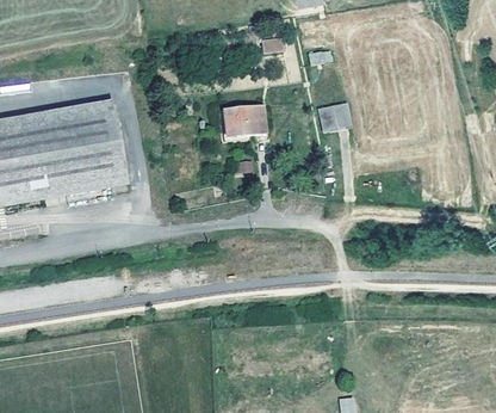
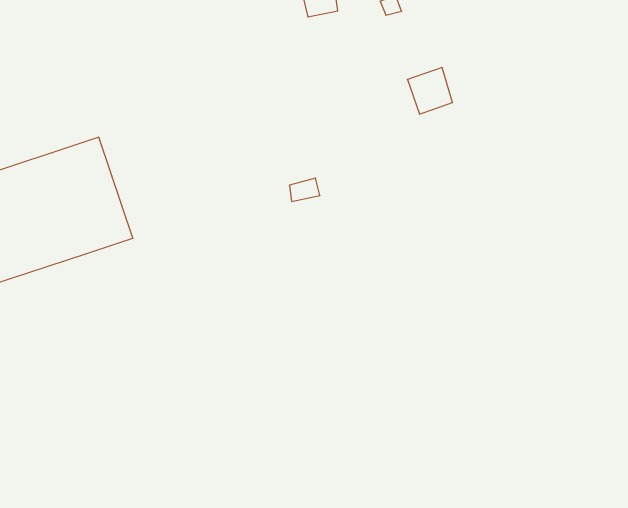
building: [221,103,261,132] -> none

